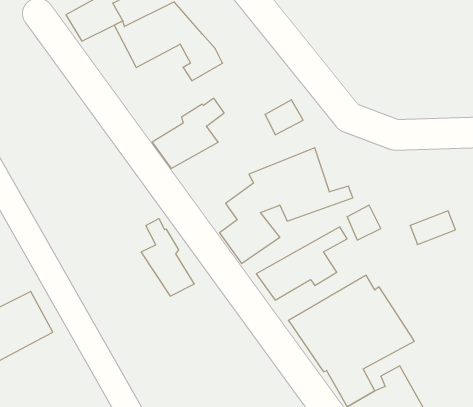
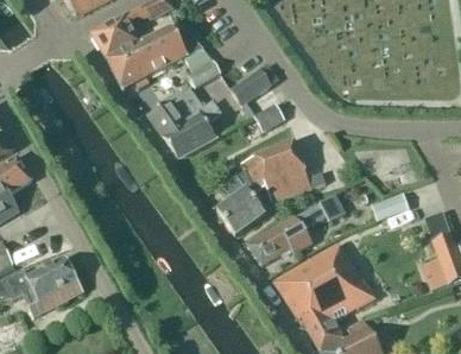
building: none -> [106,40,150,89]
building: none -> [230,61,278,103]
building: none -> [149,87,203,135]
building: [141,219,194,296] -> none

